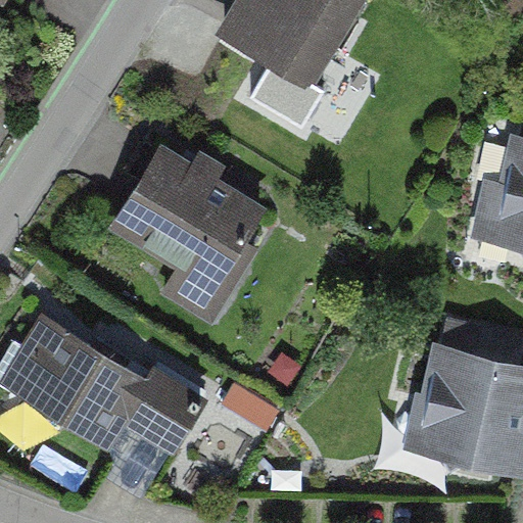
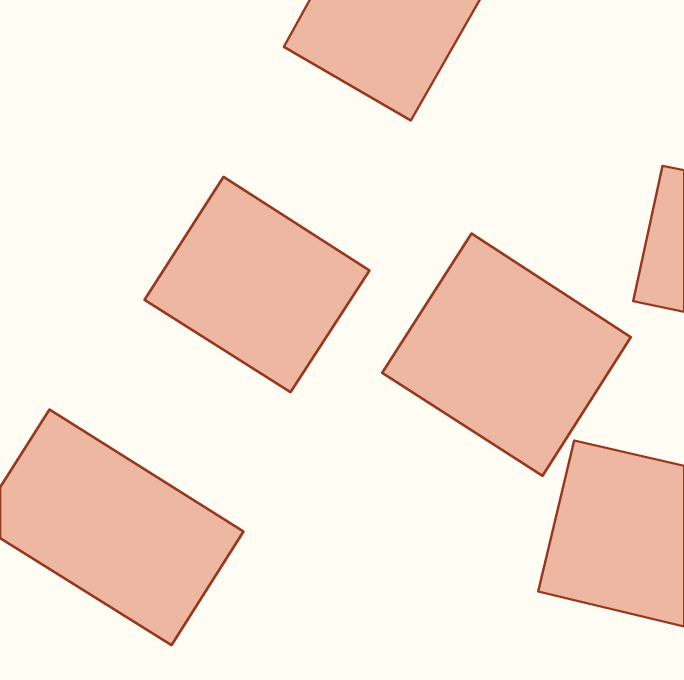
building: none -> [382,234,631,476]

